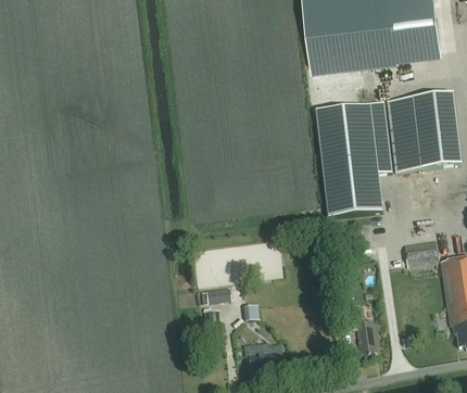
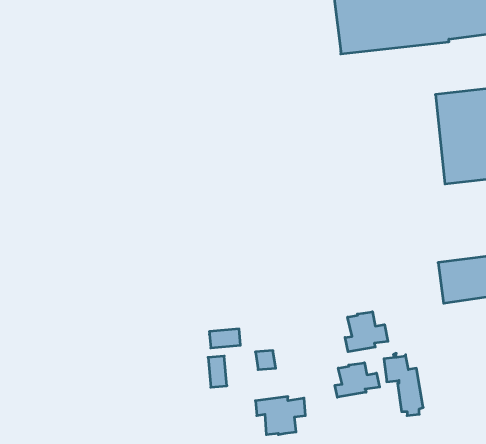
building: [316,103,391,220] -> none
building: none -> [345,312,388,352]
building: none -> [335,363,380,397]

